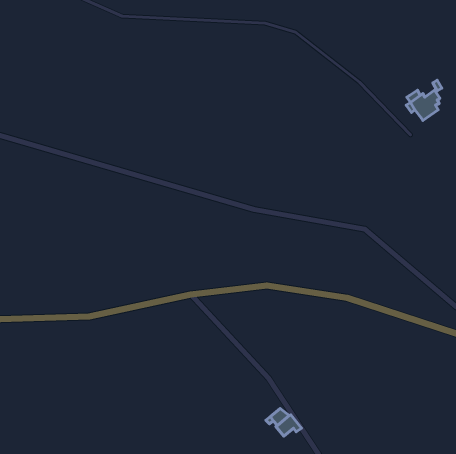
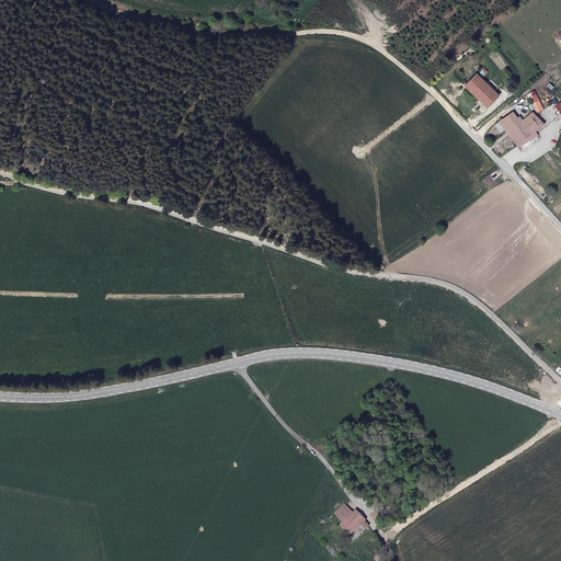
building: none -> [465,72,499,107]

